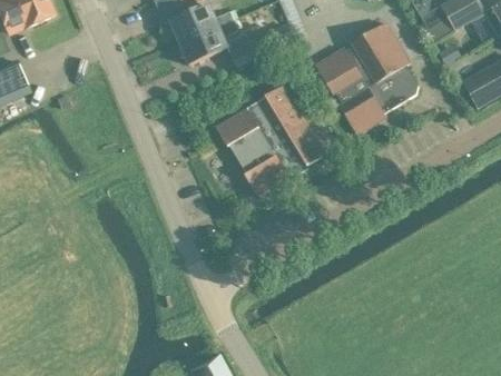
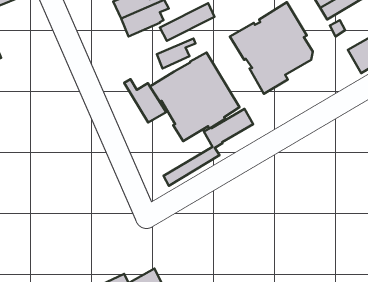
building: none -> [157,38,196,69]
building: none -> [124,79,166,122]
building: none -> [163,109,253,186]

